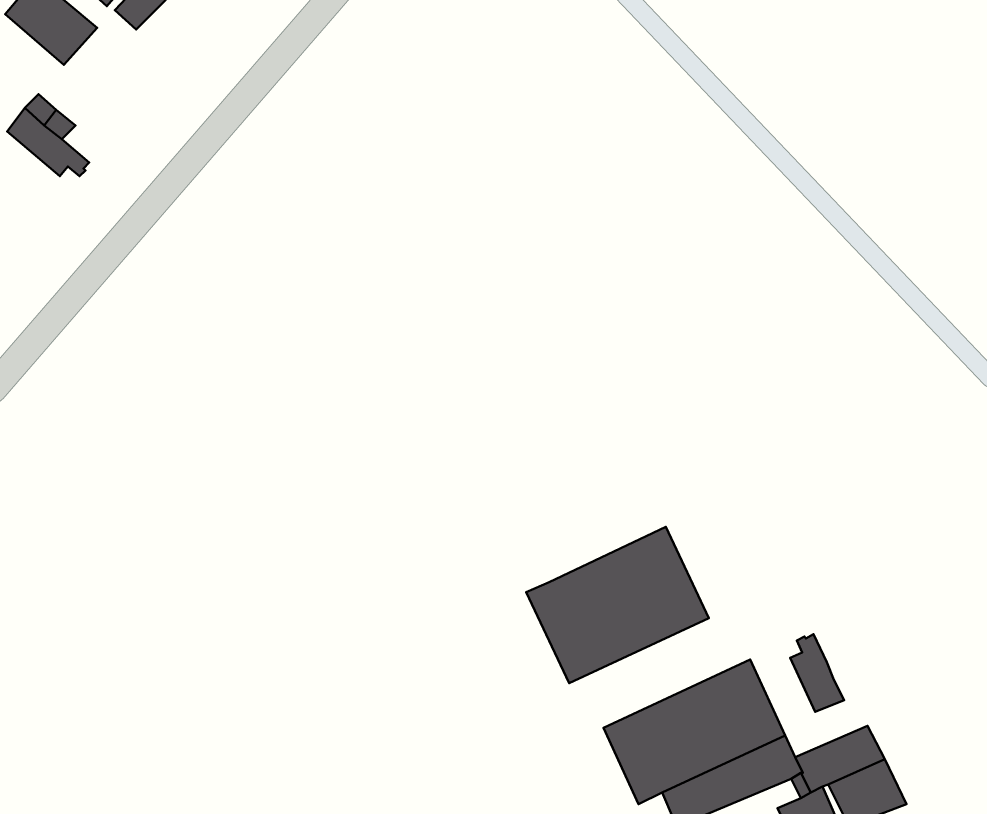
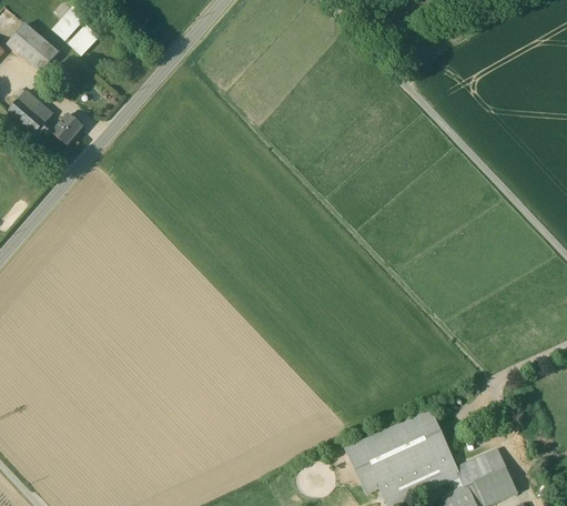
building: none -> [51,111,82,143]
building: [526,527,709,683] -> none
building: [790,634,844,712] -> none

